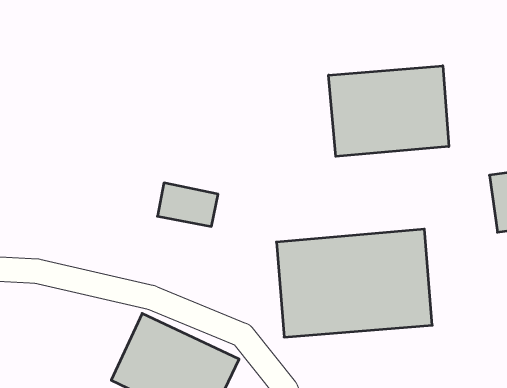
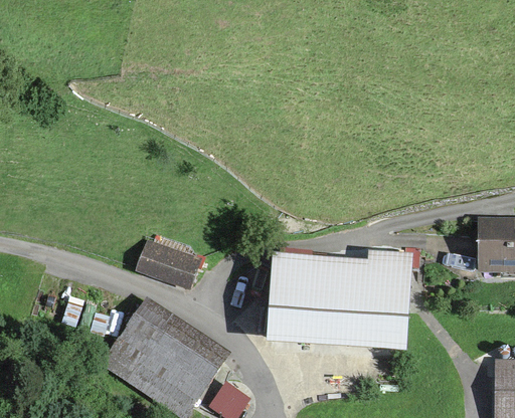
building: [329,66,449,156] -> none
building: [157,183,218,226] -> [139,237,196,282]

